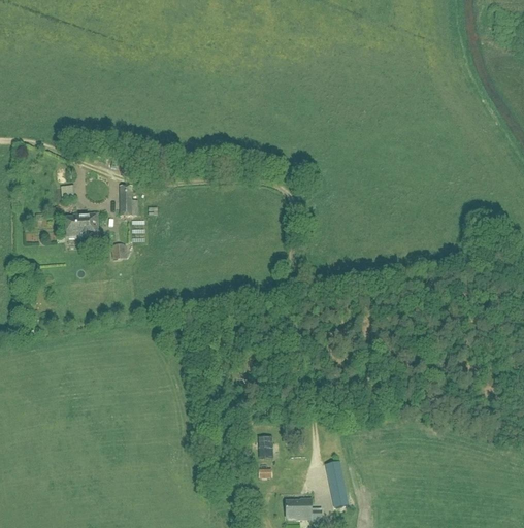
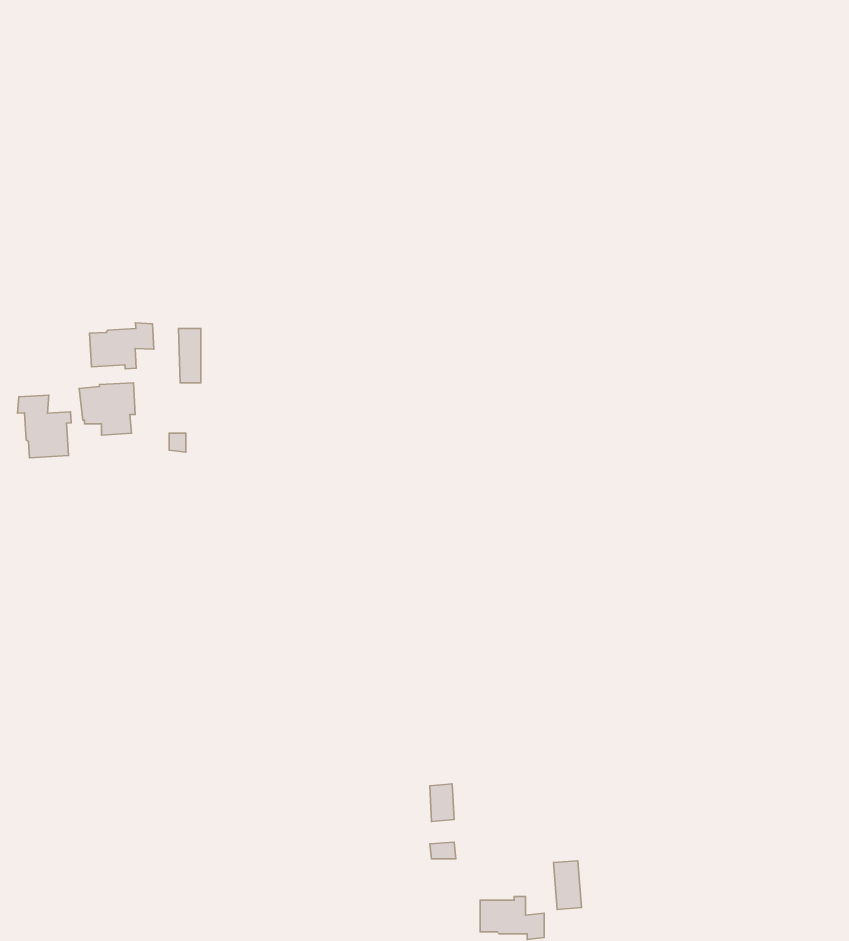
building: none -> [89,323,154,369]
building: none -> [18,395,71,458]

